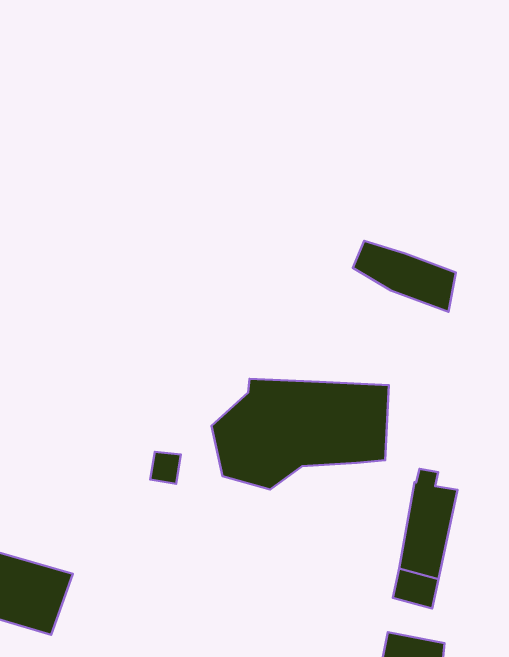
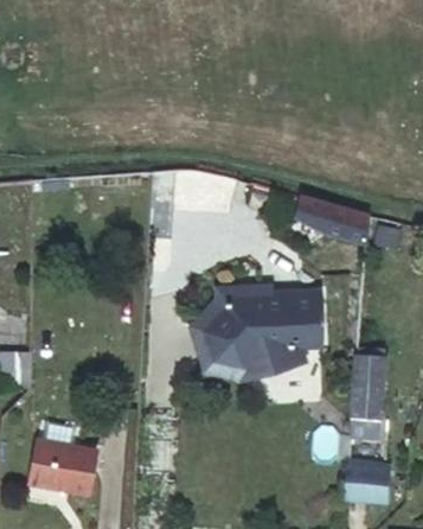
building: none -> [191,286,308,382]

